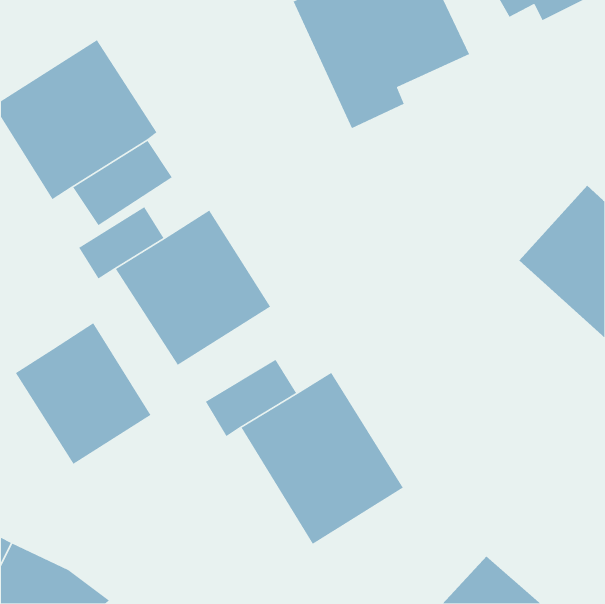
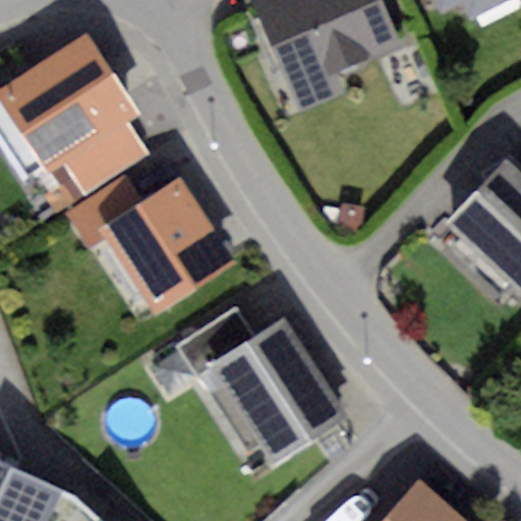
building: [15,322,151,465] -> none

